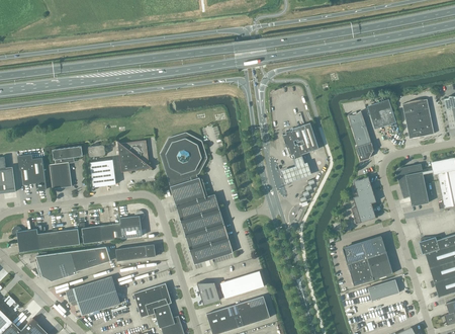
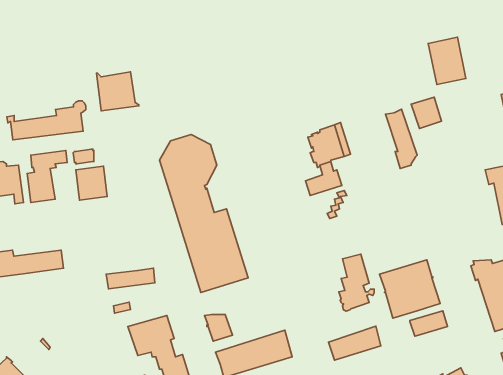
building: [402,99,434,139] -> [428,37,466,85]
building: [117,140,153,172] -> [96,72,139,111]
building: [396,164,429,206] -> none
building: [351,177,380,225] -> [339,254,374,311]
building: [79,211,145,243] -> [7,101,86,140]
building: [36,247,111,281] -> none
building: [220,270,264,299] -> [328,326,381,360]
building: [66,281,120,315] -> none

